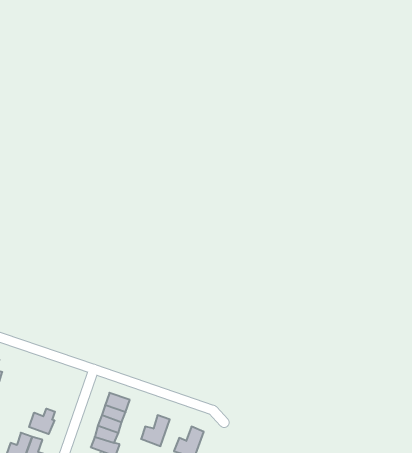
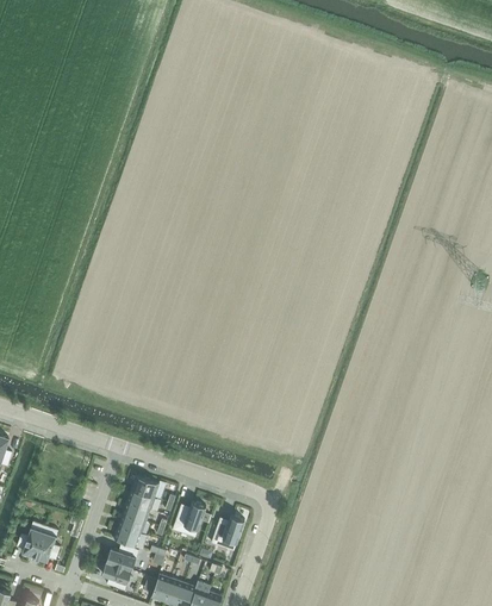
building: [29,409,55,434] -> none

